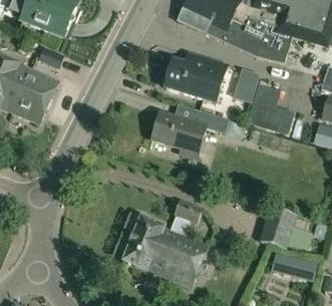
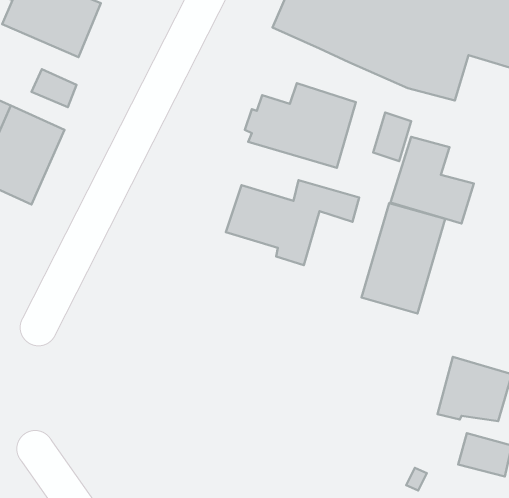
building: none -> [361,203,445,313]
building: [121,200,208,287] -> none

